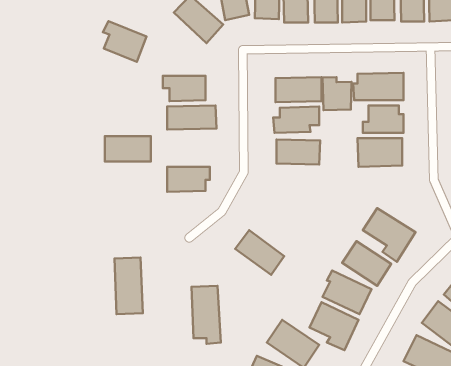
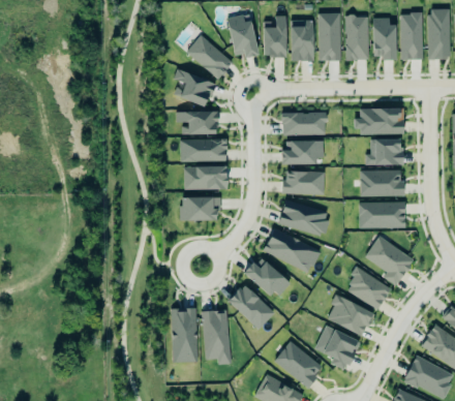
building: [103,21,147,62] -> [173,68,214,106]
building: [323,77,352,110] -> none
building: [105,136,151,161] -> [183,165,226,189]
building: none -> [279,200,330,234]
building: none -> [359,200,405,227]
building: none -> [263,228,320,272]
building: [114,257,143,314] -> [171,308,198,362]
building: none -> [228,283,274,330]

